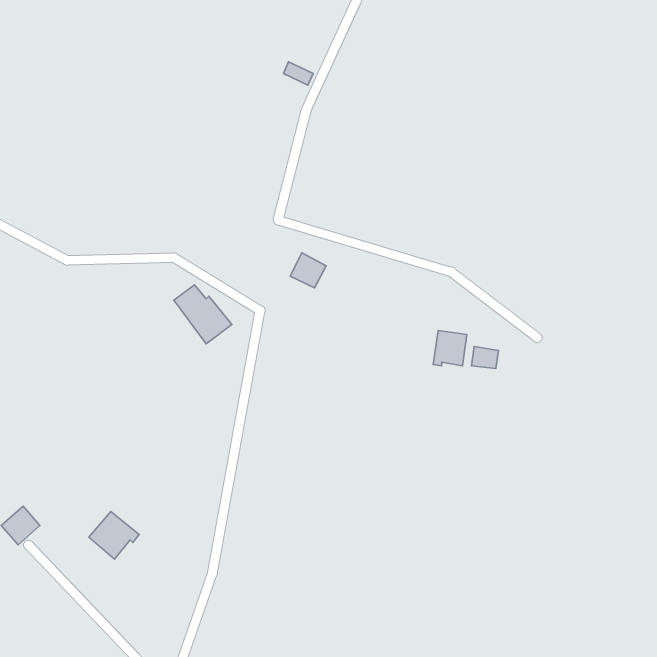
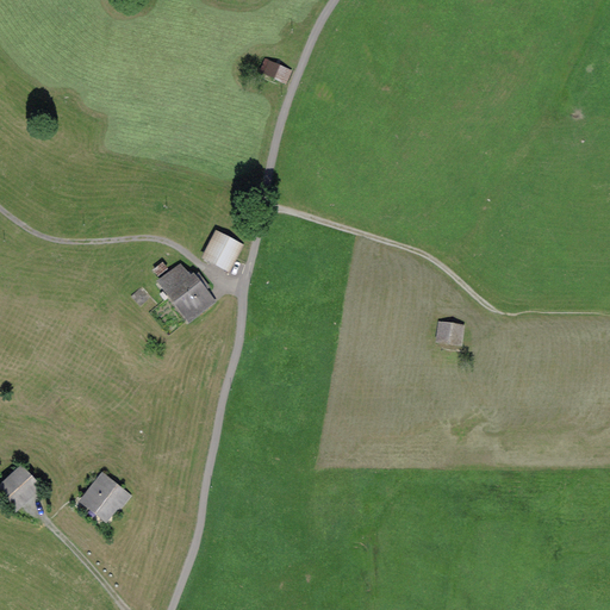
building: [290,253,326,288] -> [206,234,239,266]
building: [433,331,467,366] -> none

